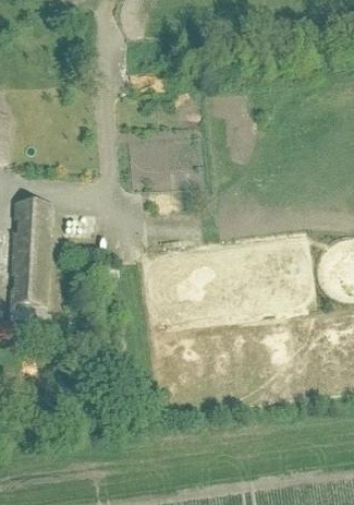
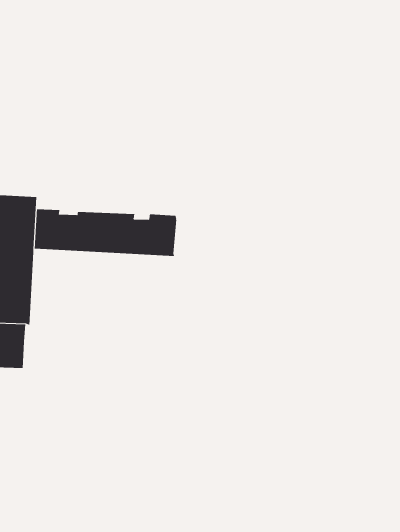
building: none -> [34,208,177,257]

